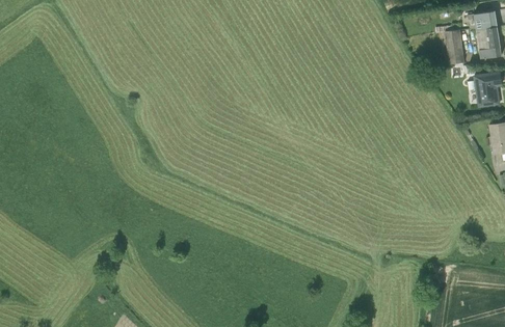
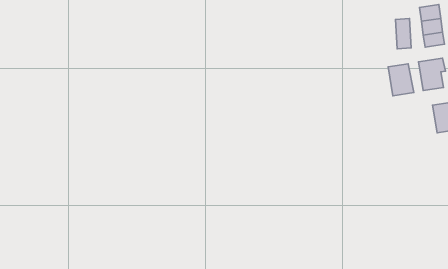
building: none -> [388,64,414,96]

